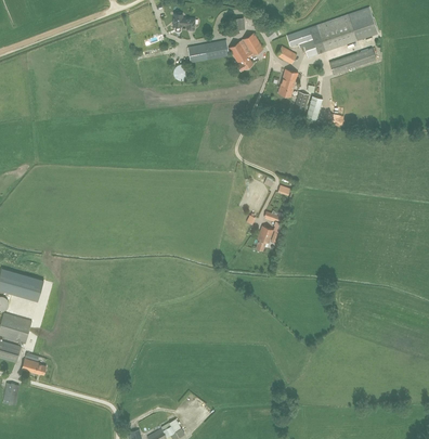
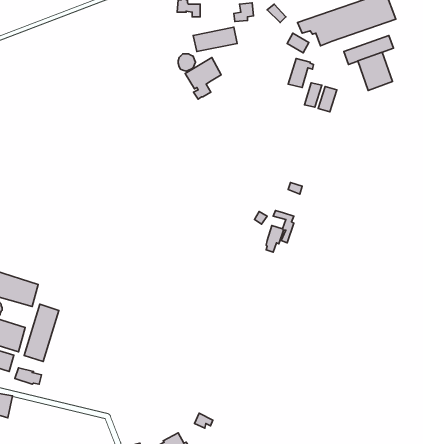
building: [230,33,263,72] -> [185,57,221,99]
building: none -> [358,52,392,90]
building: none -> [24,304,59,362]

